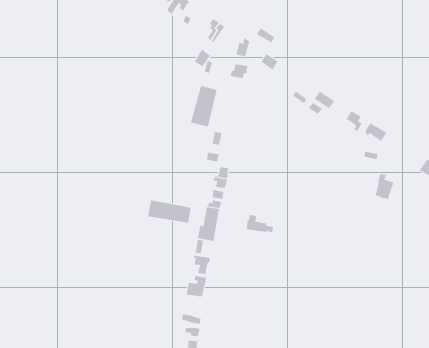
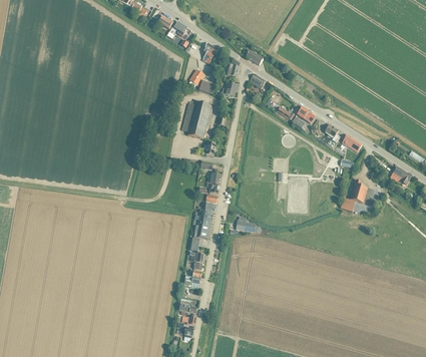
building: [147,199,191,224] -> none

